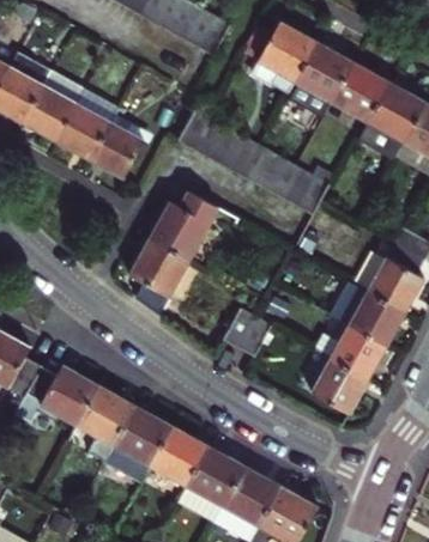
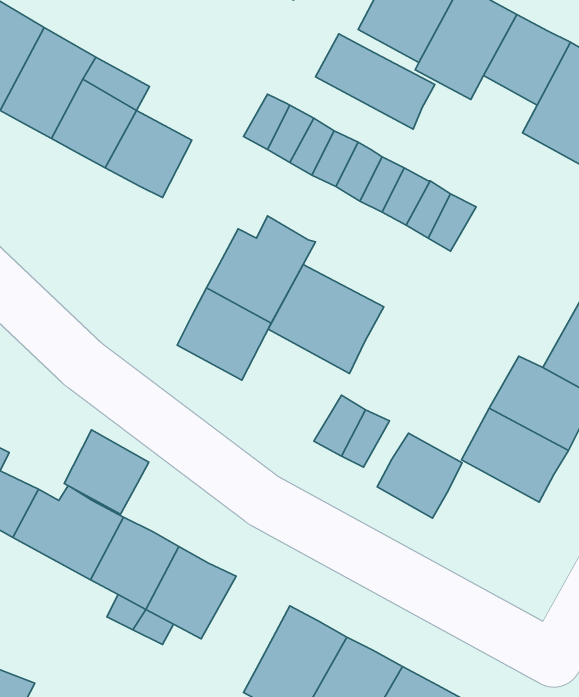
building: none -> [316,34,435,129]
building: none -> [268,264,384,373]
building: none -> [64,430,149,514]
building: [312,358,367,413] -> [377,433,462,518]
building: [147,425,205,485] -> none

